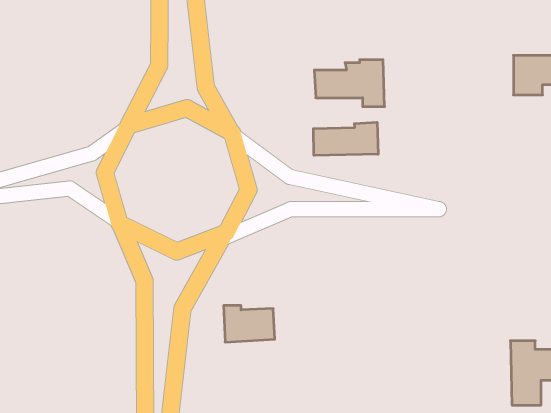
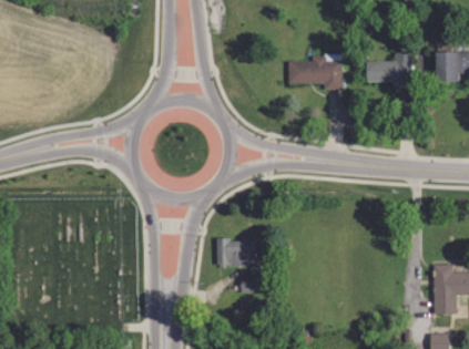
building: none -> [364,52,409,88]
building: [313,122,378,155] -> none

